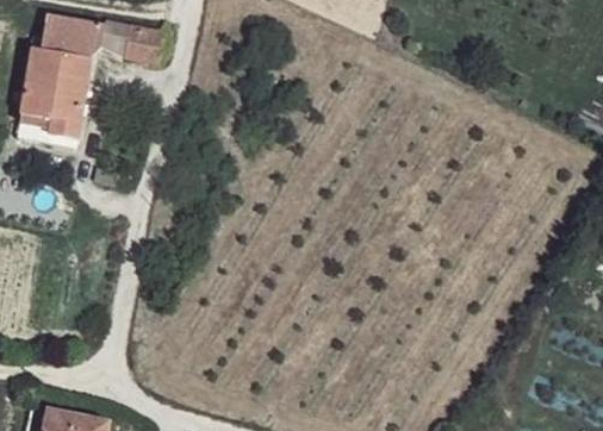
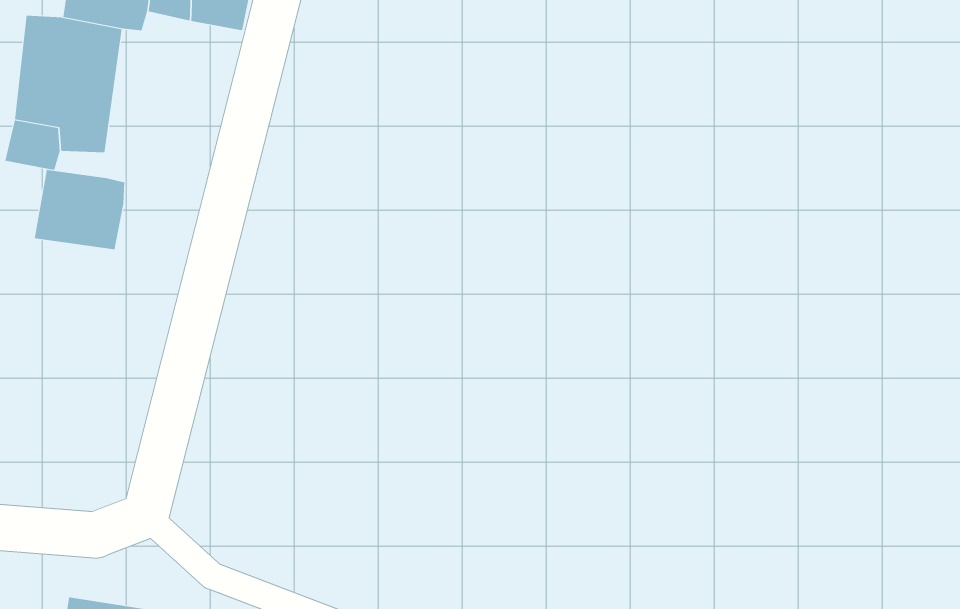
building: none -> [34,169,125,250]

